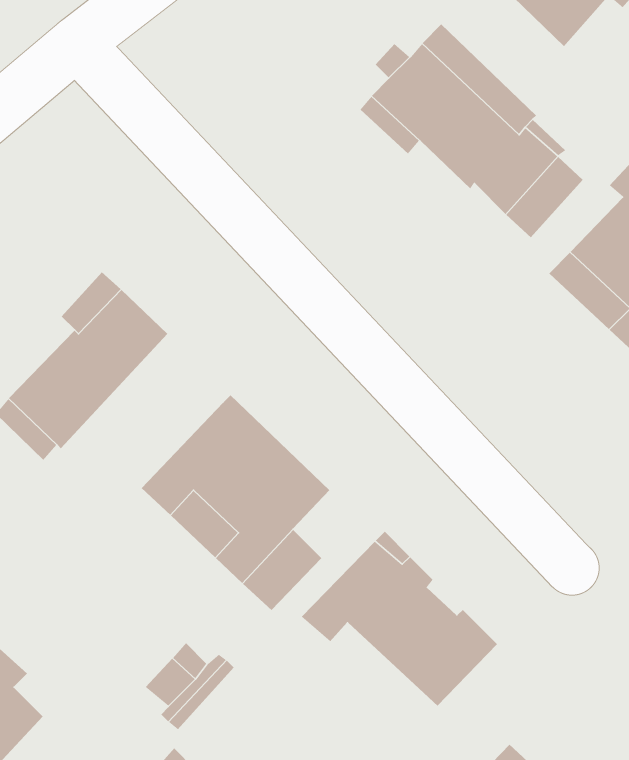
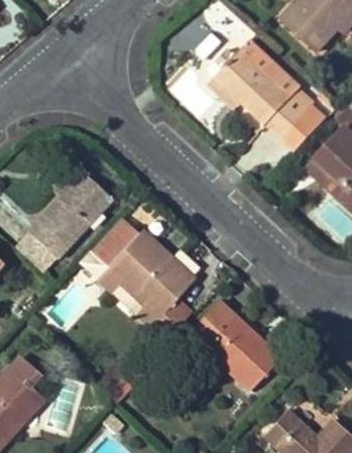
building: none -> [79,217,139,278]

